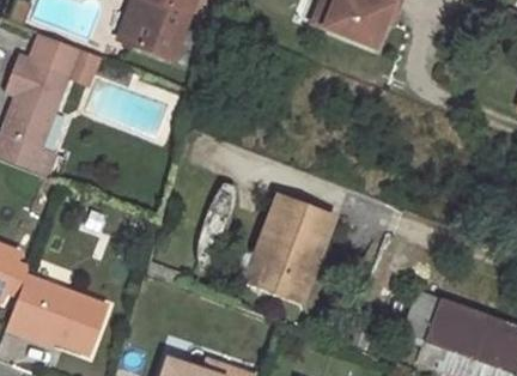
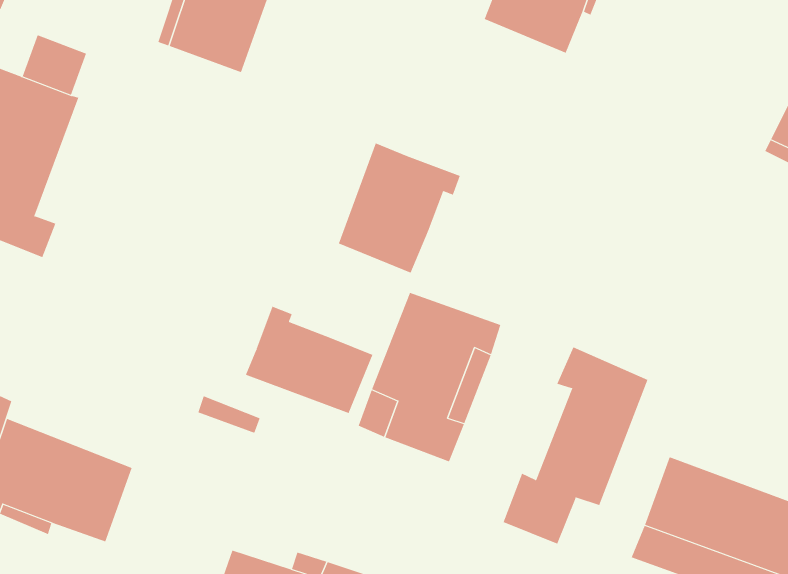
building: none -> [338,142,461,273]
building: none -> [245,306,373,414]
building: none -> [503,346,648,544]

